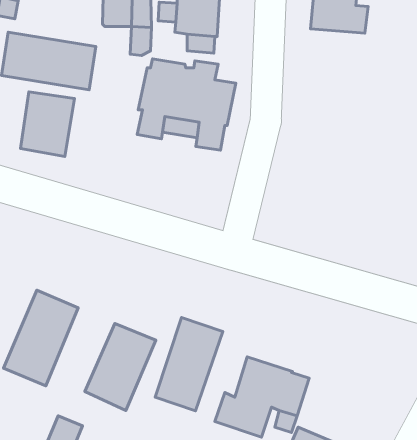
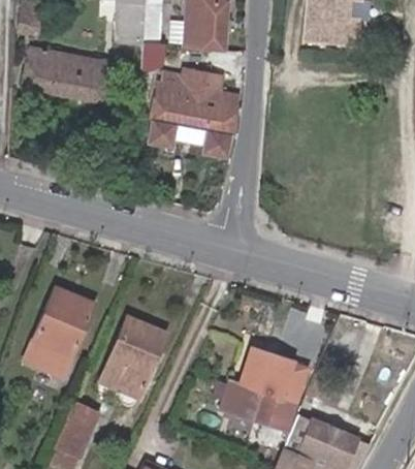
building: [20,92,75,157] -> none
building: [155,317,223,411] -> none

